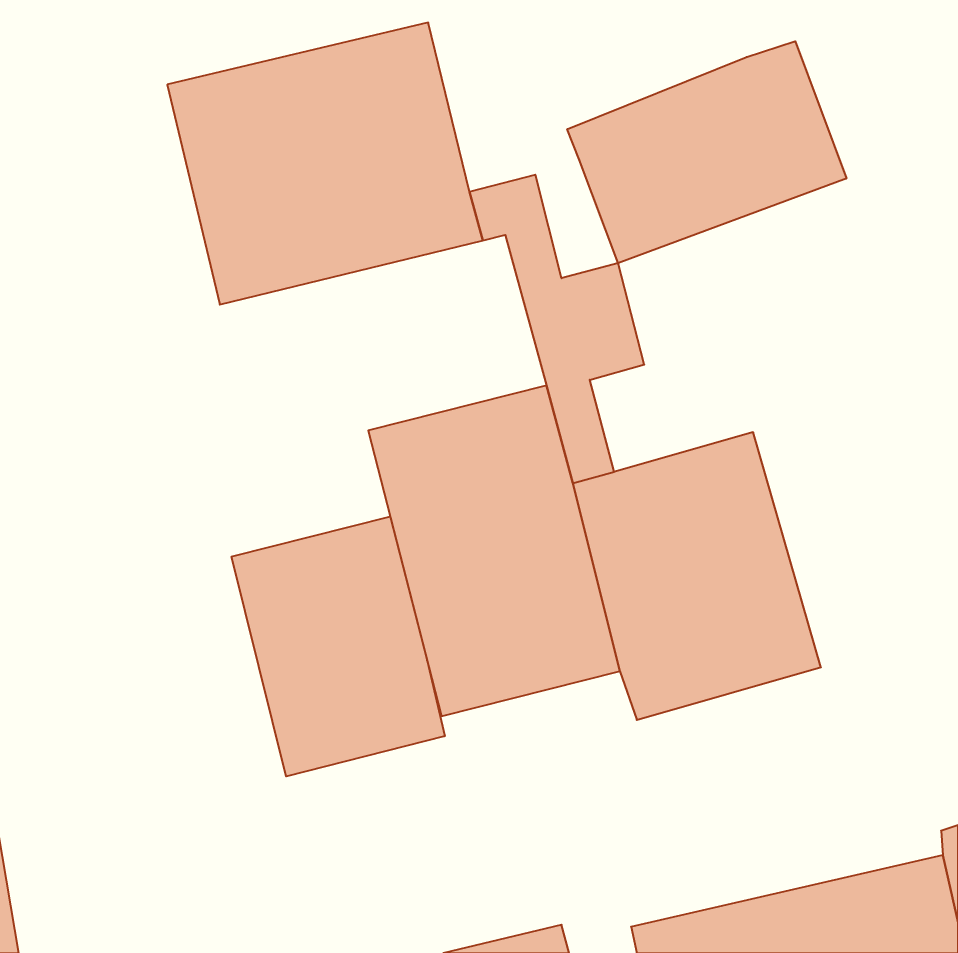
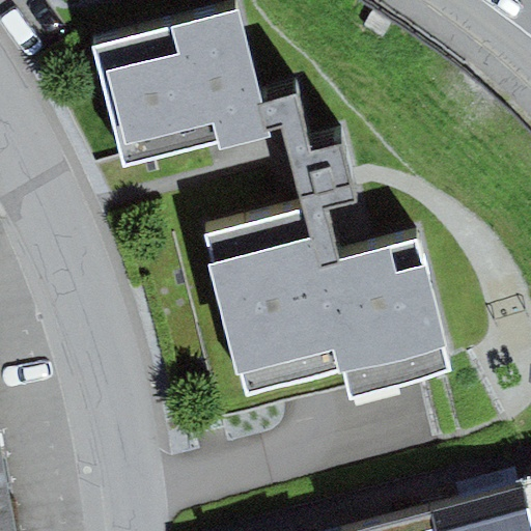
building: [567,41,846,263] -> none
building: [232,517,445,776] -> none

